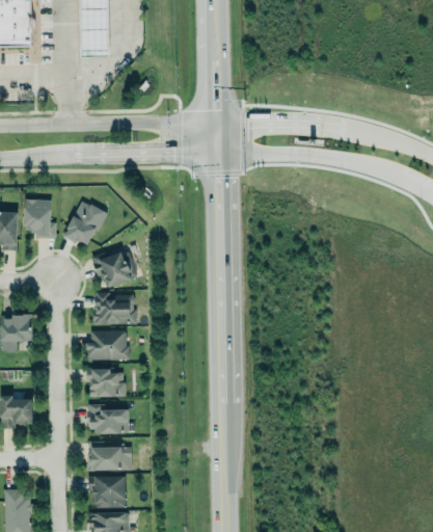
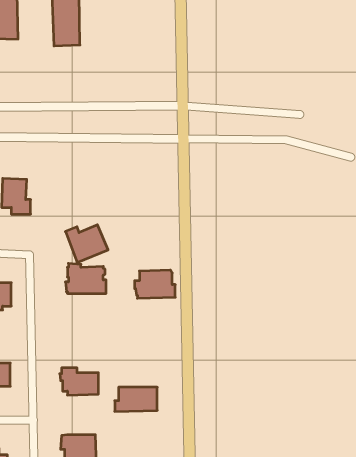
building: [64,202,107,244] -> none
building: [85,330,129,361] -> [135,270,175,298]
building: [85,367,125,396] -> none
building: [87,446,133,472] -> [115,387,157,411]

